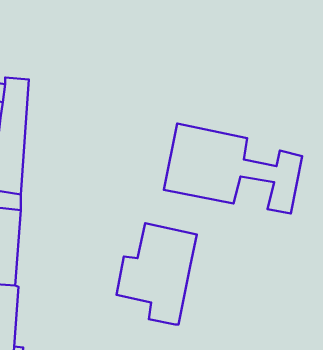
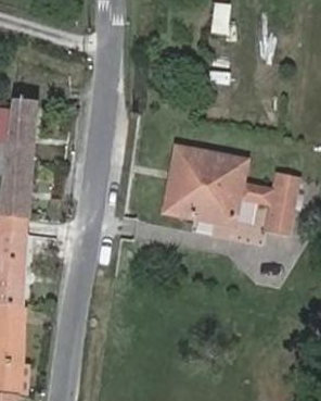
building: [117,223,197,325] -> none

